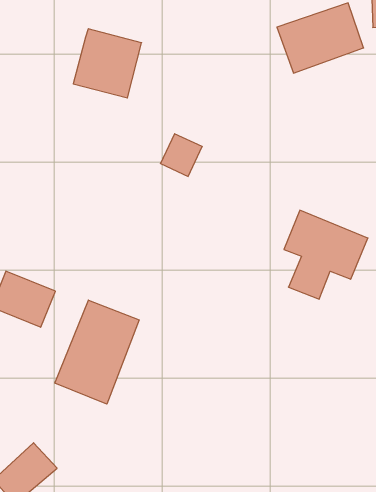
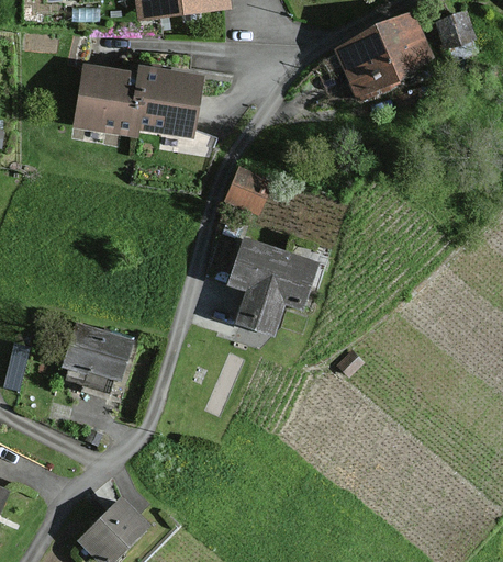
building: none -> [77,68,139,133]
building: [284,210,368,299] -> [232,239,317,329]
building: [55,300,139,404] -> none

